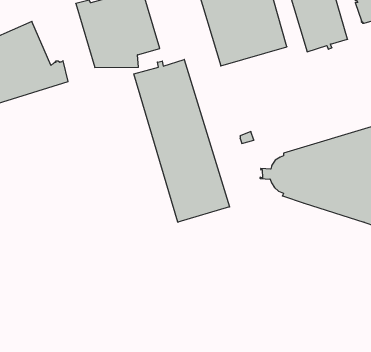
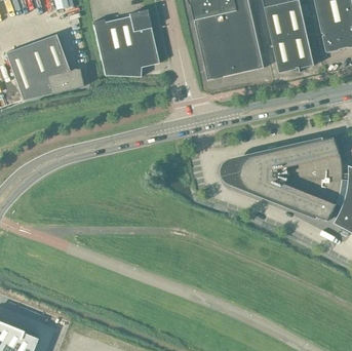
building: [134,59,230,222] -> none

